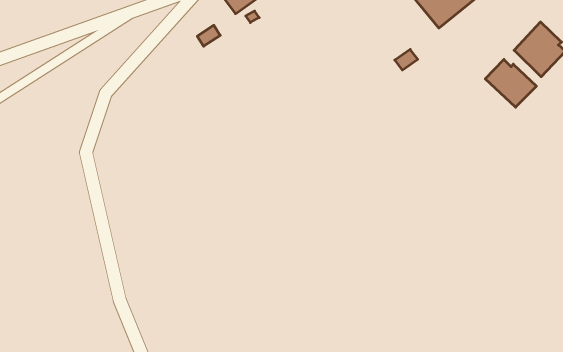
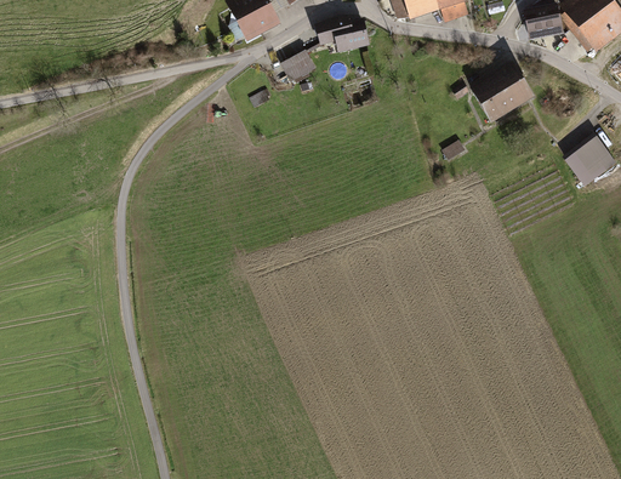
building: [485,59,536,107] -> none

